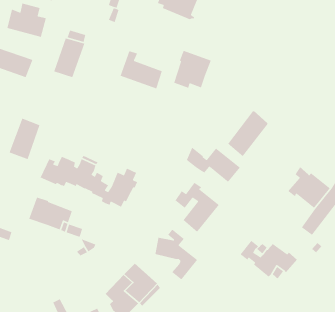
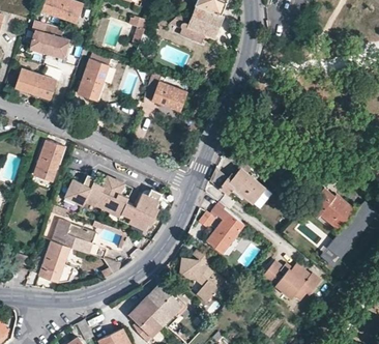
building: [173,50,212,89] -> none
building: [227,110,269,157] -> none
building: none -> [37,240,70,282]

